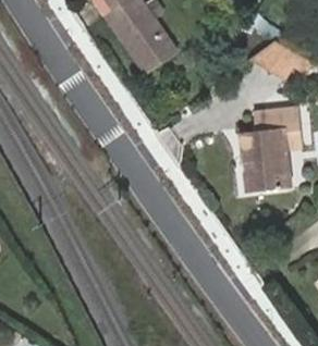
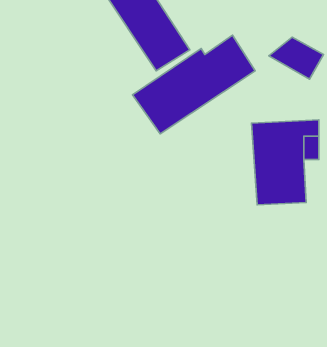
building: none -> [133,35,255,134]

